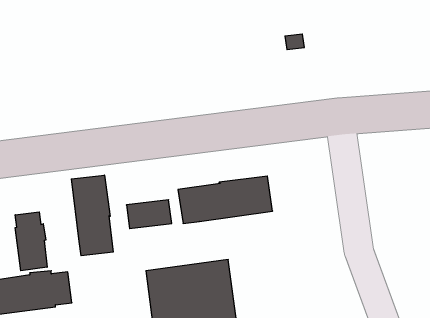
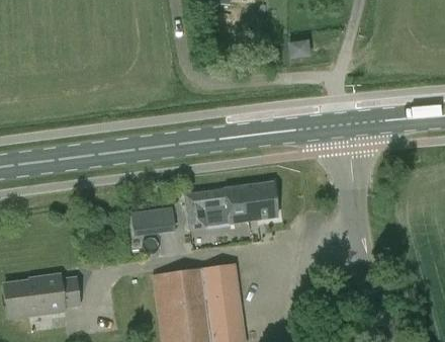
building: [71,175,113,256] -> none
building: [15,212,47,271] -> none

